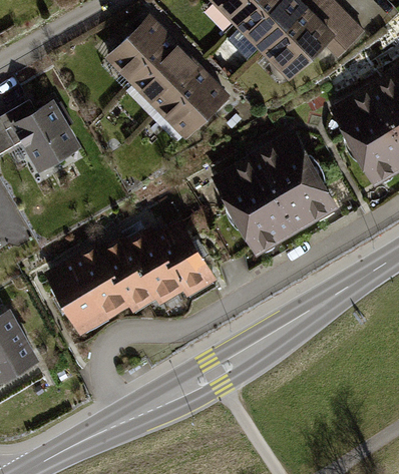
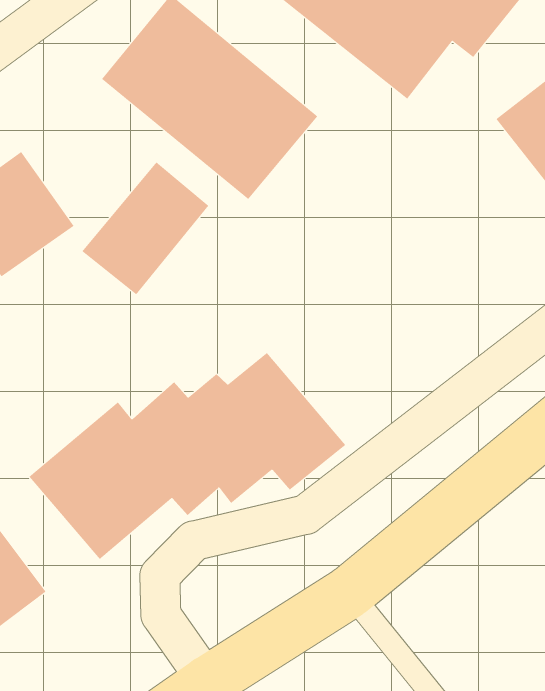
building: none -> [82,162,209,295]
building: [214,128,338,249] -> none

